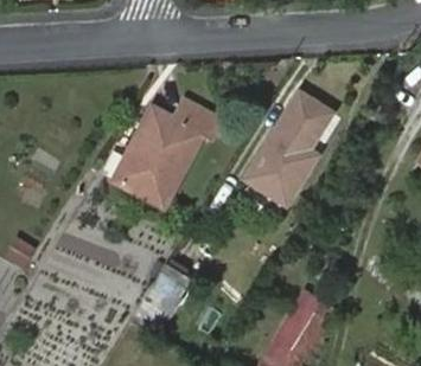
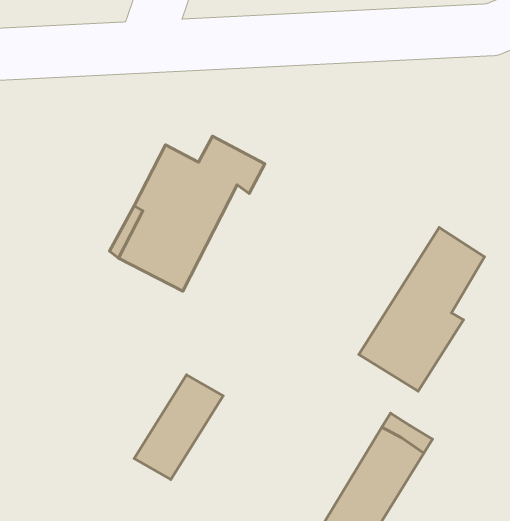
building: [247,92,332,204] -> [359,227,485,391]

